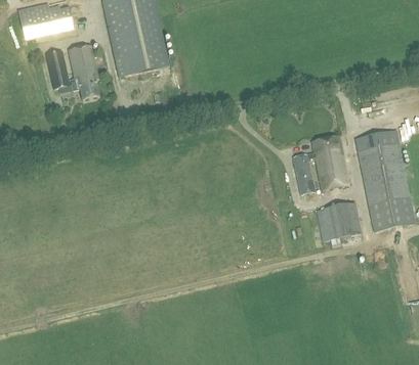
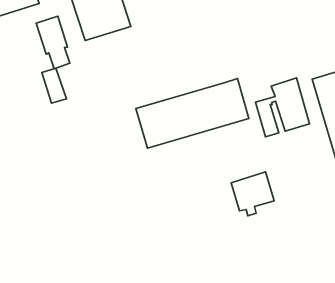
building: [46,50,70,87] -> [42,68,67,103]
building: none -> [136,79,249,148]
building: [317,200,361,245] -> [231,172,274,216]

